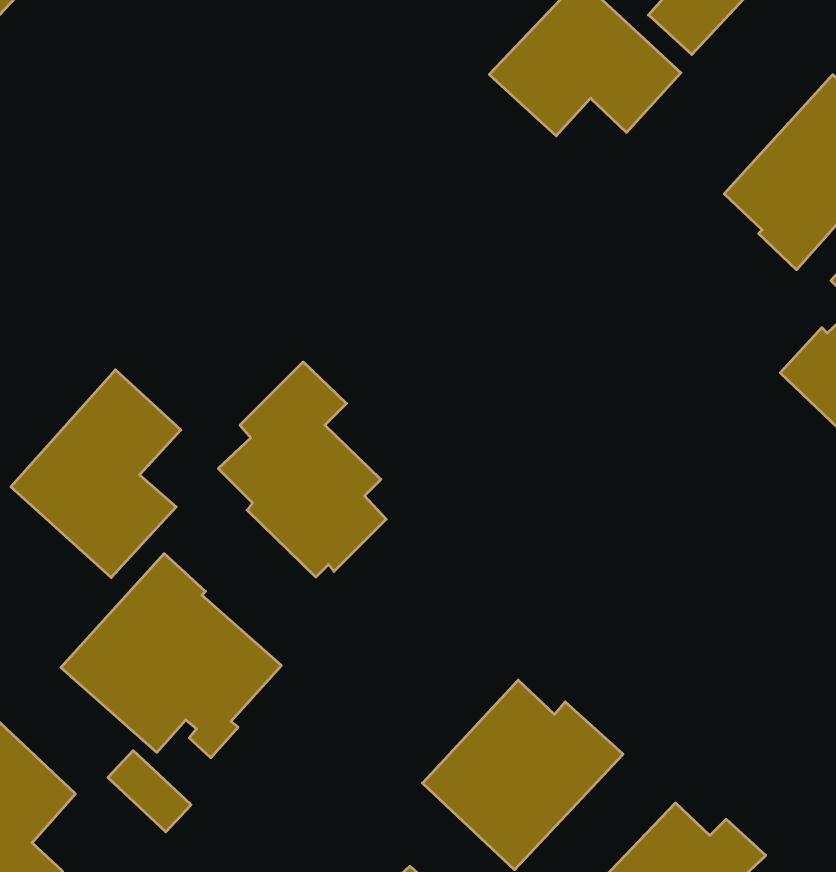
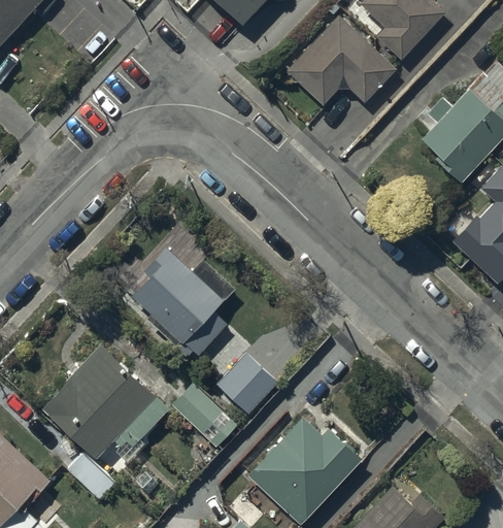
building: [11,370,181,578] -> none
building: none -> [219,353,278,412]
building: none -> [174,385,239,449]

